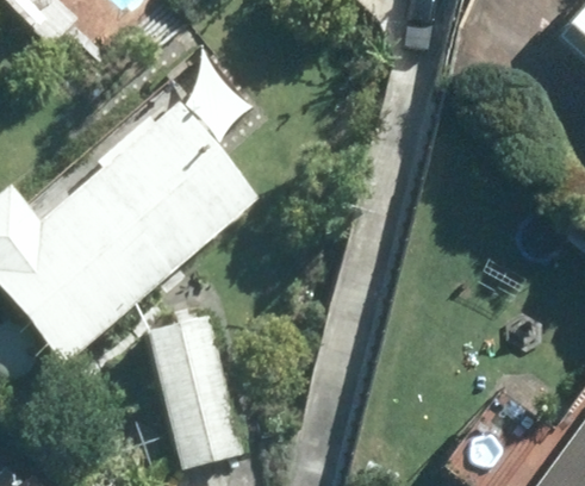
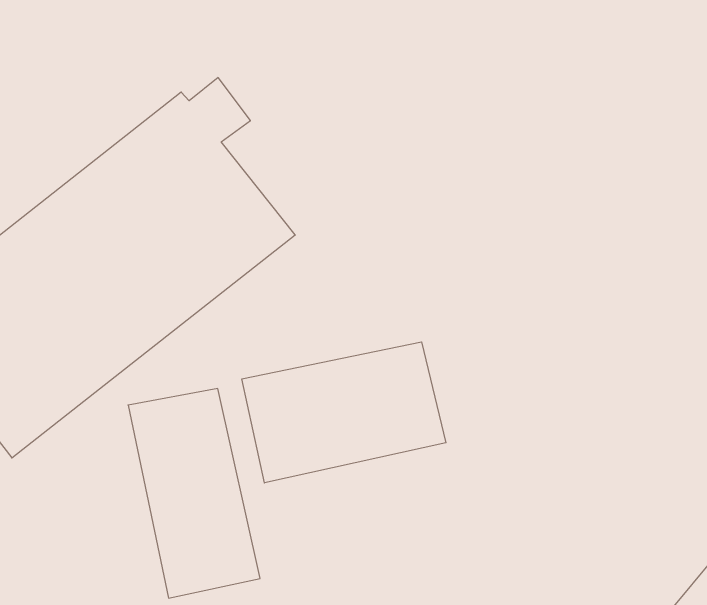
building: none -> [242,342,446,483]

